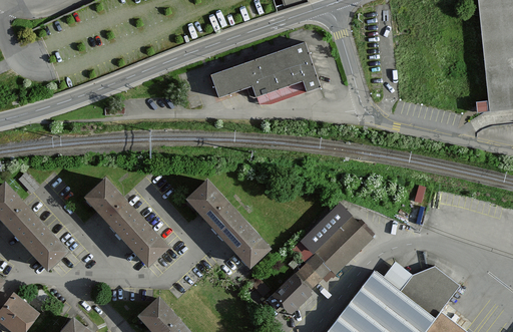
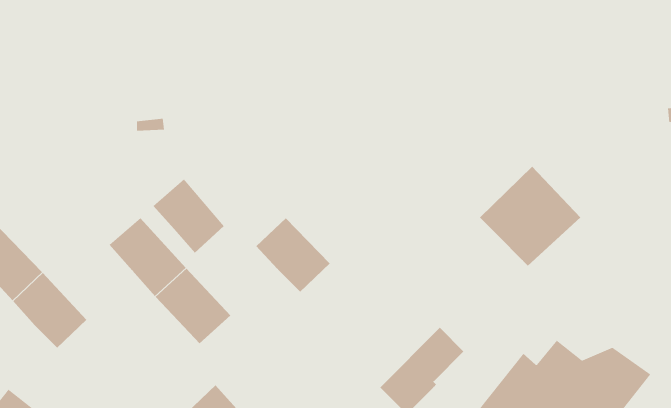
building: [209,45,320,102] -> none
building: none -> [153,179,225,253]
building: [302,205,373,275] -> [479,166,581,267]
building: [217,210,270,262] -> none

